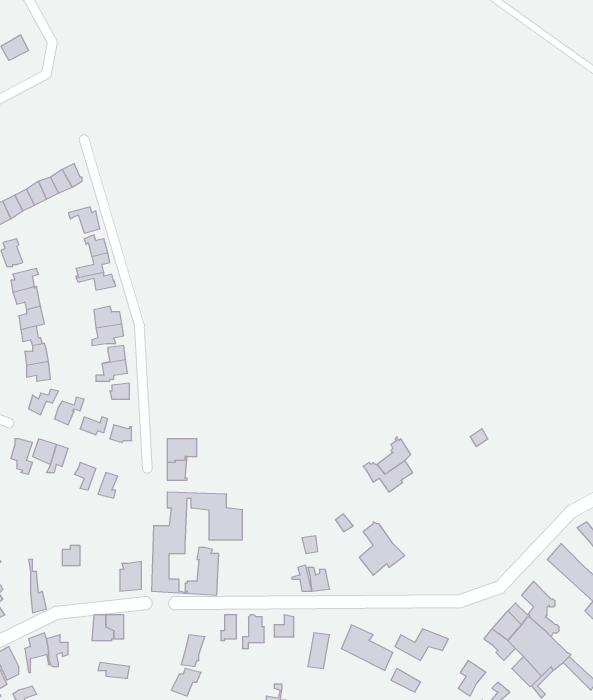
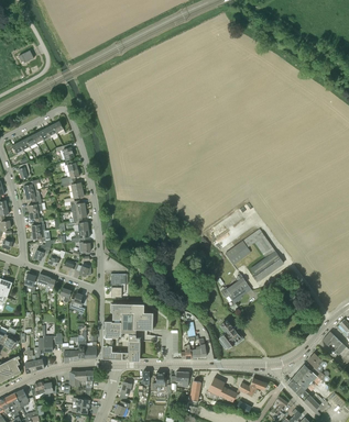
building: none -> [225,229,283,282]

